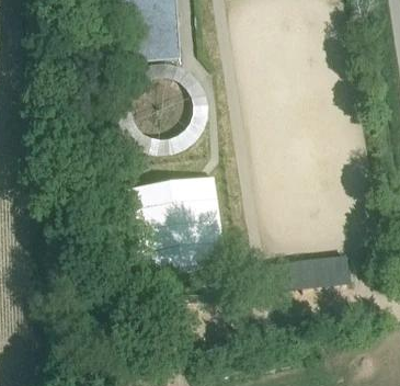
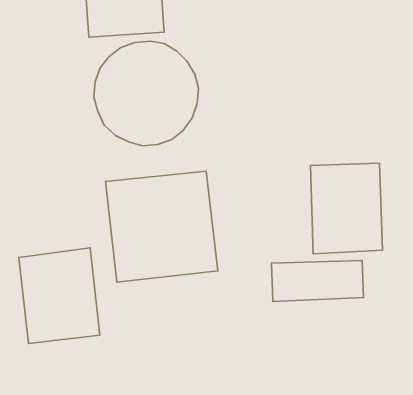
building: none -> [310,163,382,254]
building: none -> [19,248,100,343]

